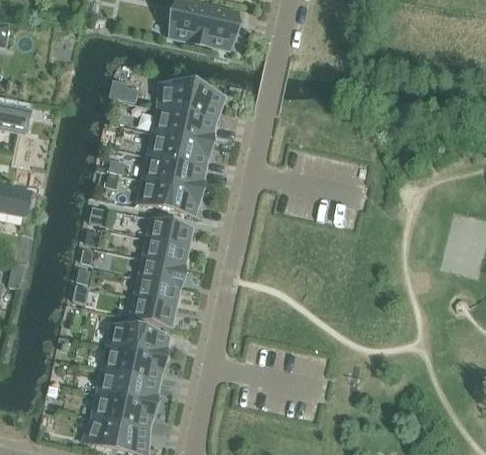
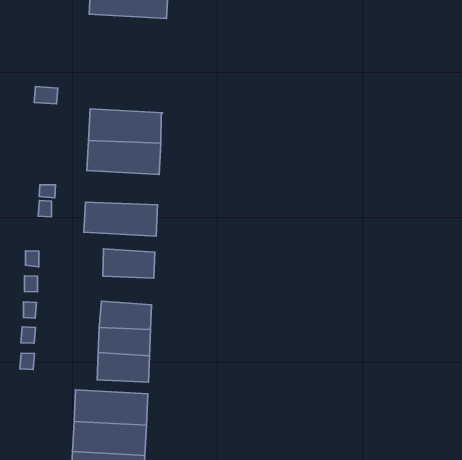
building: [160,83,224,121] -> none
building: [145,156,205,191] -> none
building: [145,239,188,267] -> none

